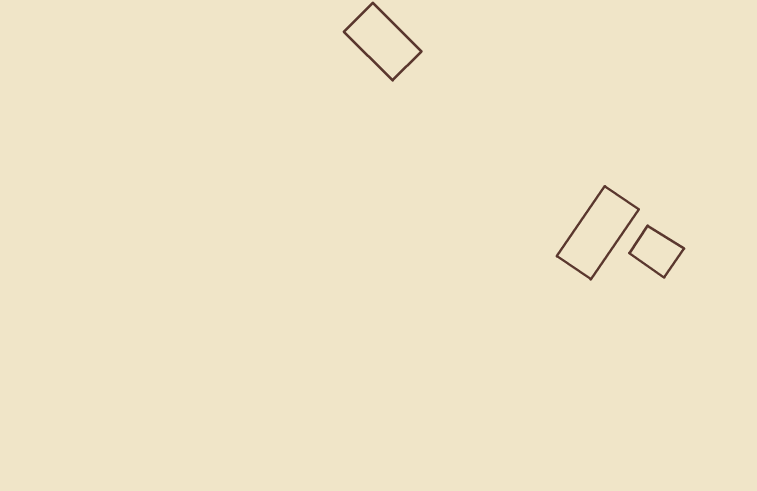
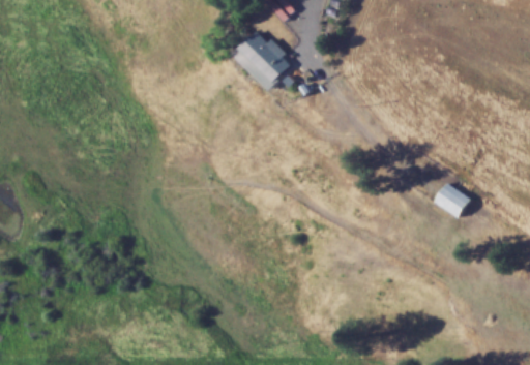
building: [557,186,639,279] -> none

